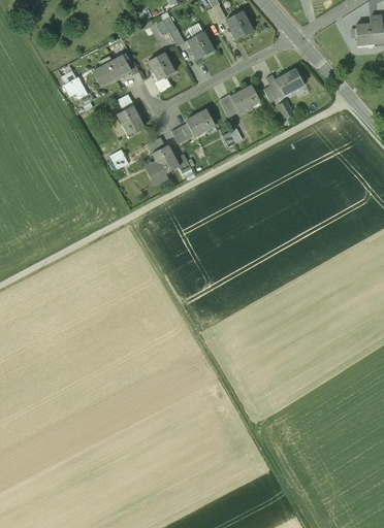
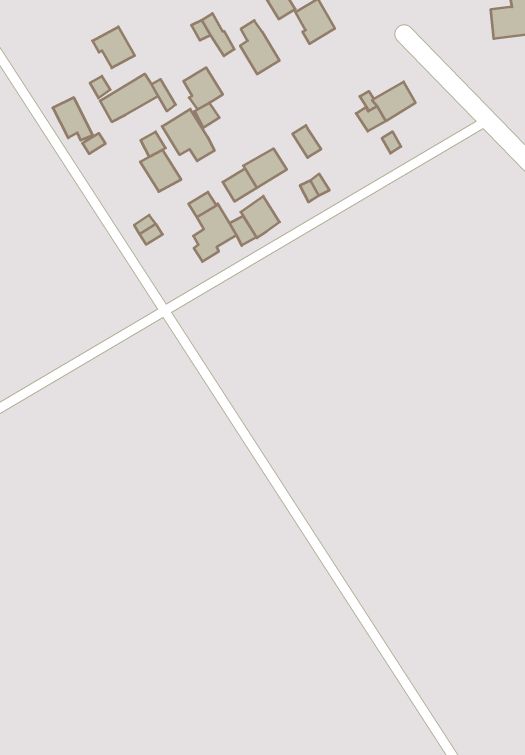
building: none -> [92,27,135,68]
building: none -> [162,109,214,161]
building: [230,86,260,111] -> none
building: none -> [241,196,280,238]

